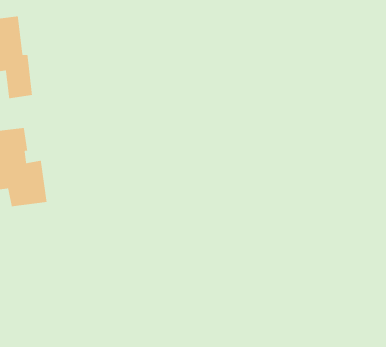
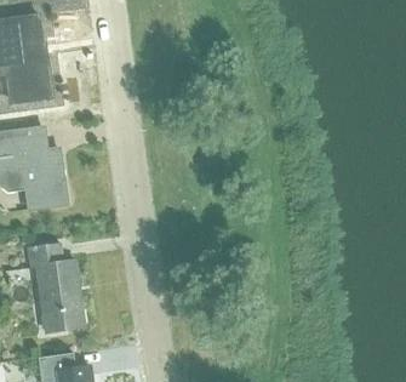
building: none -> [29,244,82,331]

